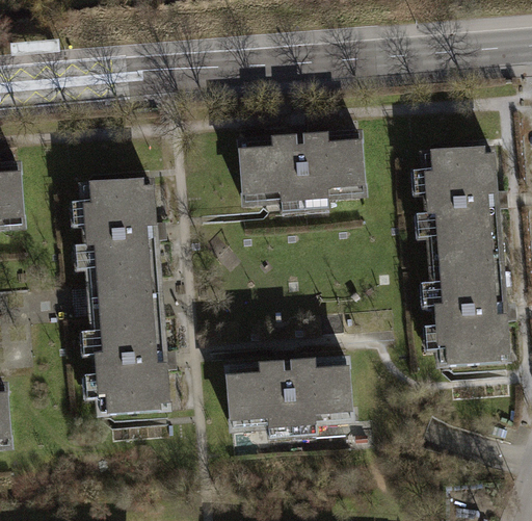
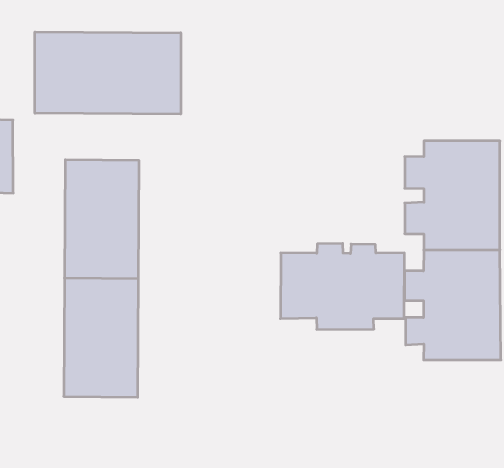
building: none -> [35,32,181,114]
building: [231,137,358,211] -> none
building: [229,347,354,435] -> [280,243,404,329]

